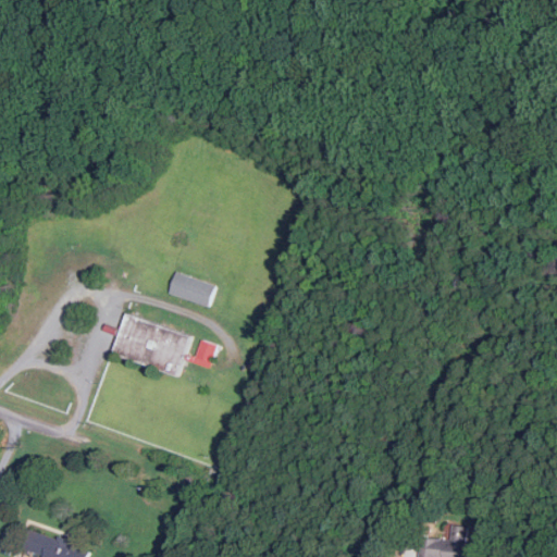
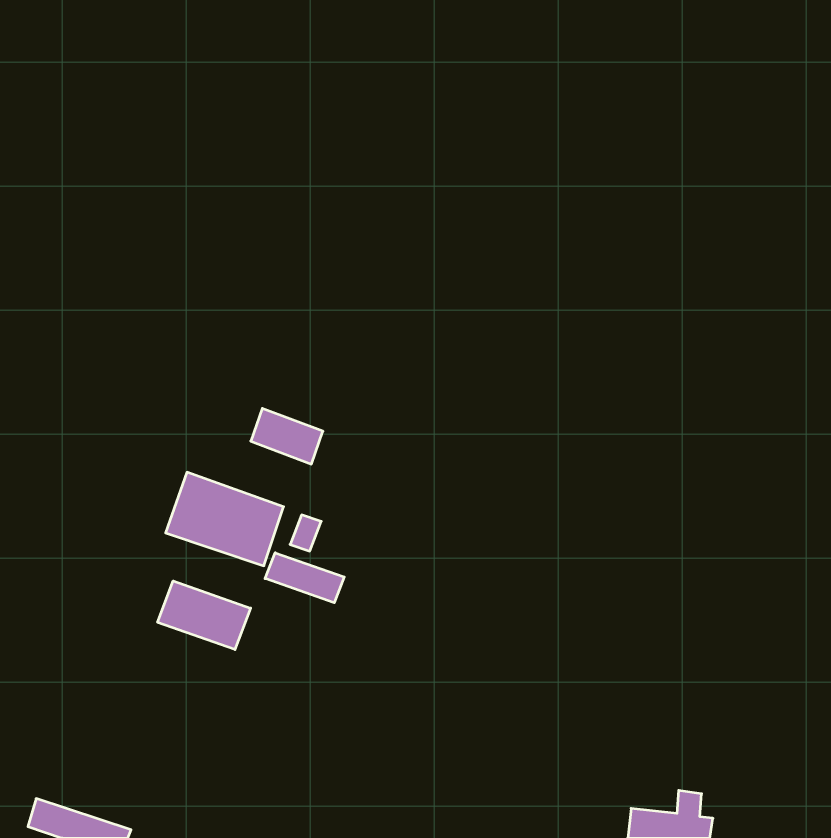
building: none -> [265,553,344,603]
building: none -> [158,581,251,650]

